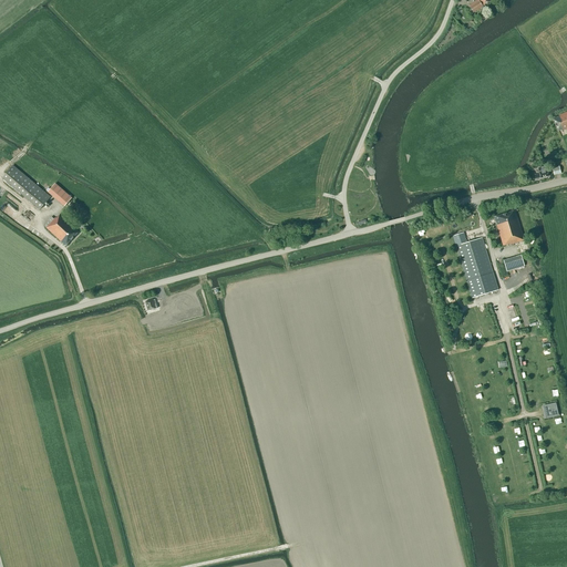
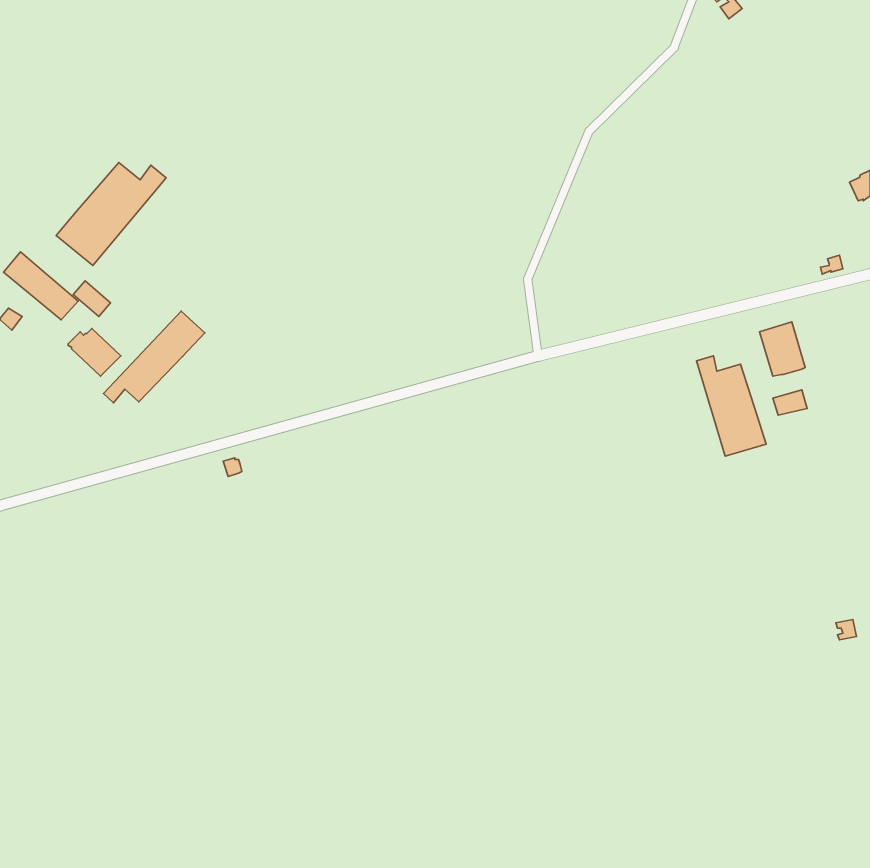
building: none -> [56,162,166,266]
building: none -> [104,311,205,403]

